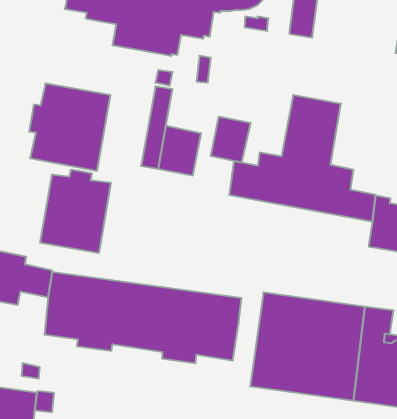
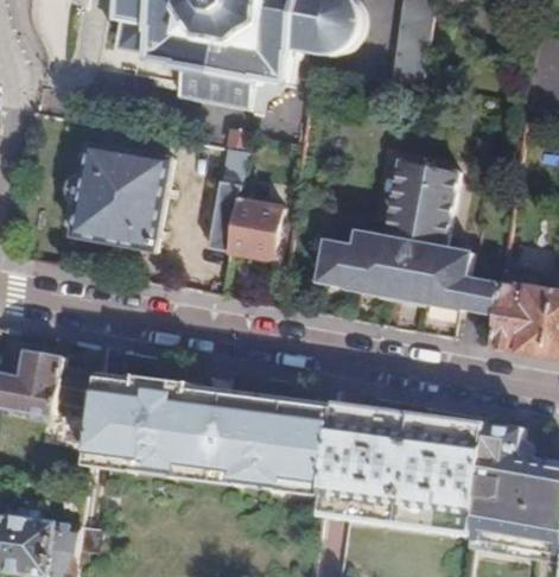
building: [211,117,251,163] -> none
building: [40,170,111,253] -> none
building: none -> [318,400,360,519]

